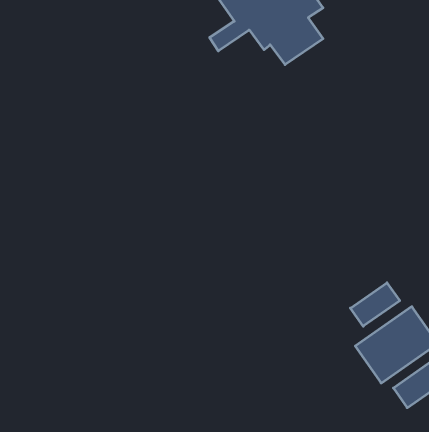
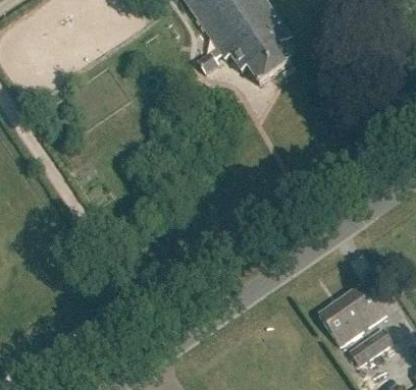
building: [350,283,400,326] -> none

